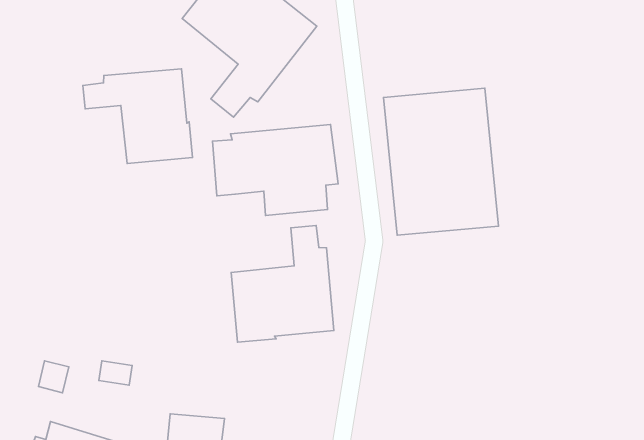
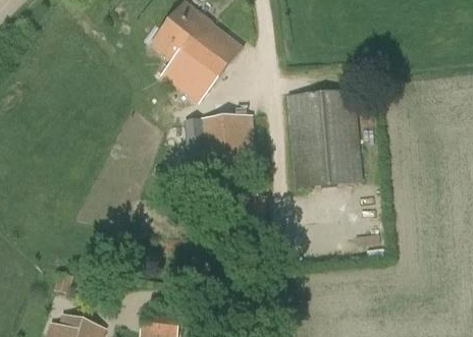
building: [83,69,192,163] -> none
building: [231,225,334,342] -> none

